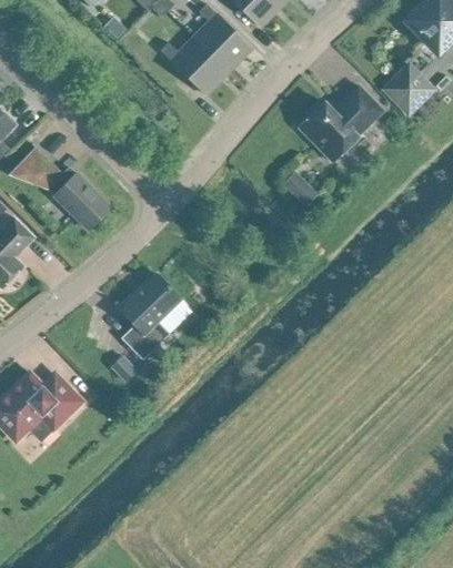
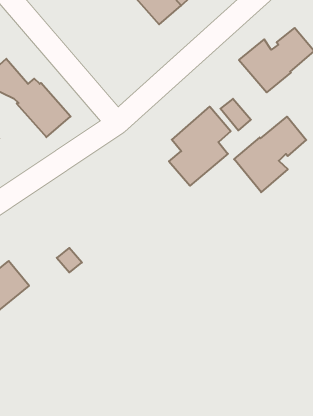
building: none -> [169,107,231,186]
building: none -> [234,117,306,192]
building: [117,273,181,359] -> none

